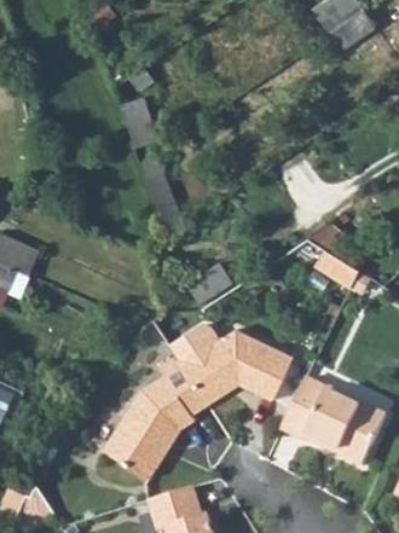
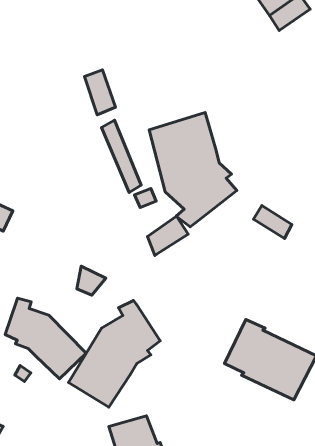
building: none -> [149,113,237,227]
building: [180,329,290,402] -> none
building: none -> [5,298,86,379]

